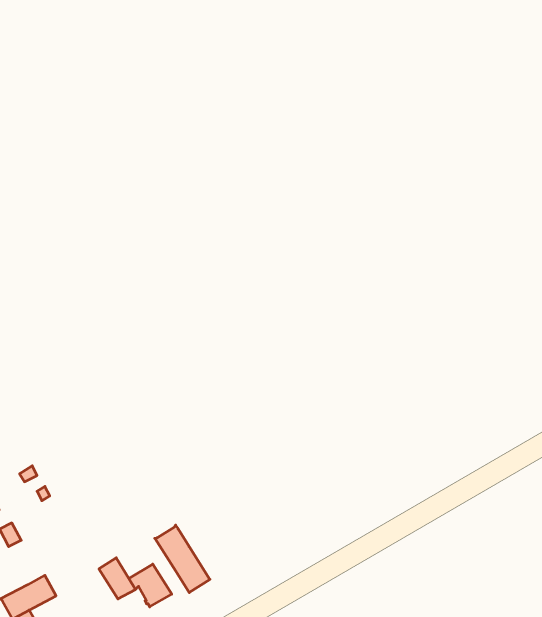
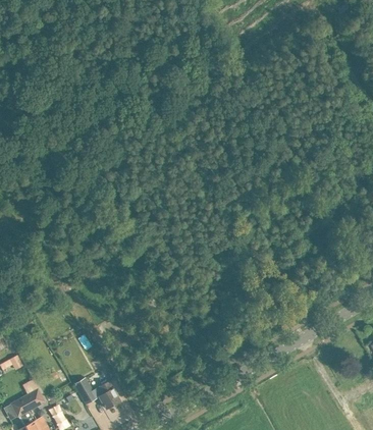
building: [155,525,210,593] -> none

